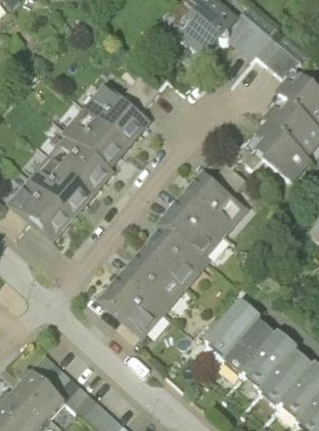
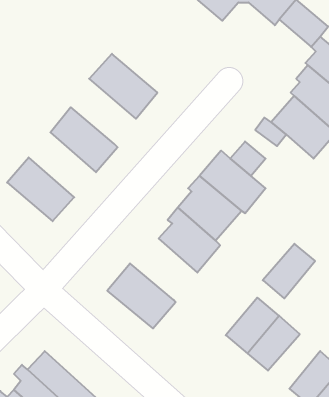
building: [66,109,128,167] -> none
building: [32,157,92,216] -> none
building: [123,252,183,307] -> none
building: [246,338,293,387] -> [263,244,315,298]

